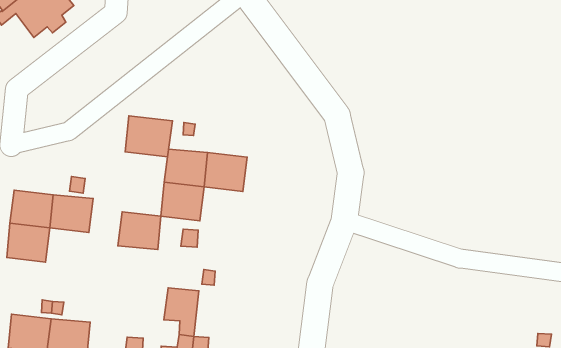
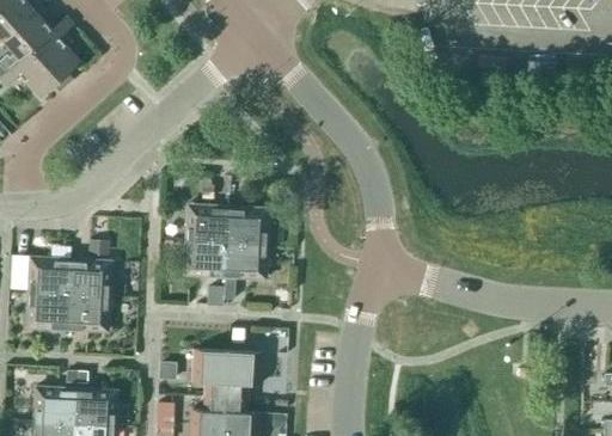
building: [125,116,173,157] -> none
building: none -> [225,241,268,278]
building: [118,212,161,249] -> [67,294,110,331]
building: none -> [226,350,261,398]

